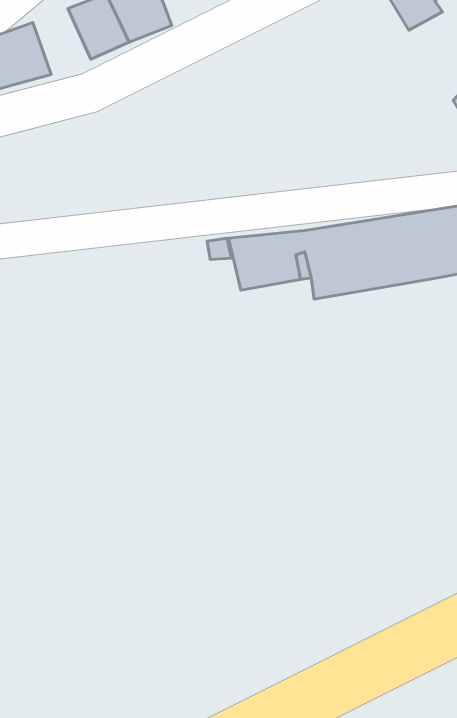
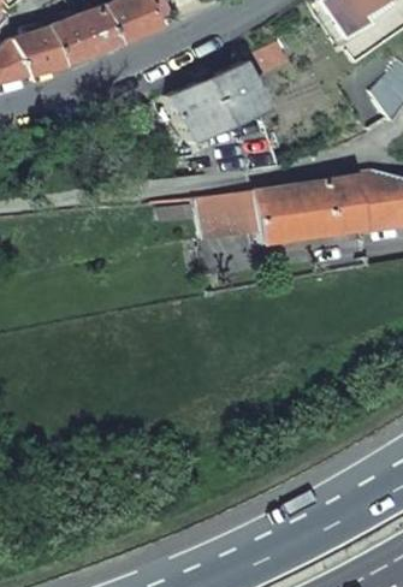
building: none -> [47,16,93,67]
building: none -> [167,60,265,141]

